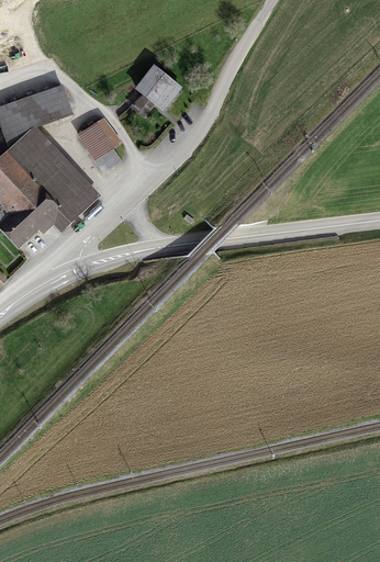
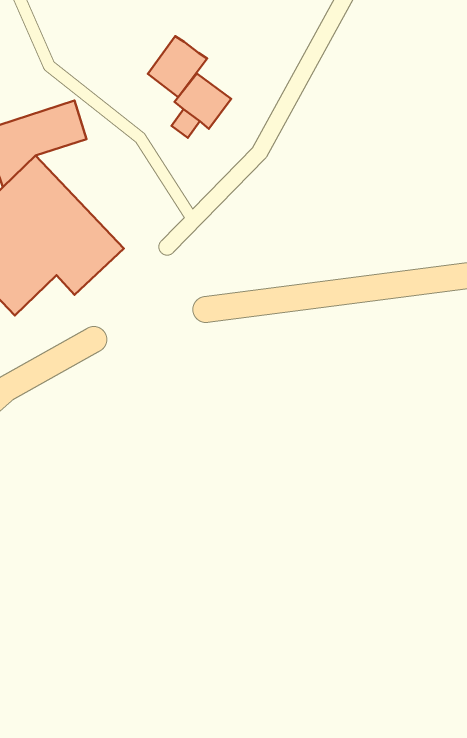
building: none -> [148,36,207,97]
building: [78,115,118,166] -> none

